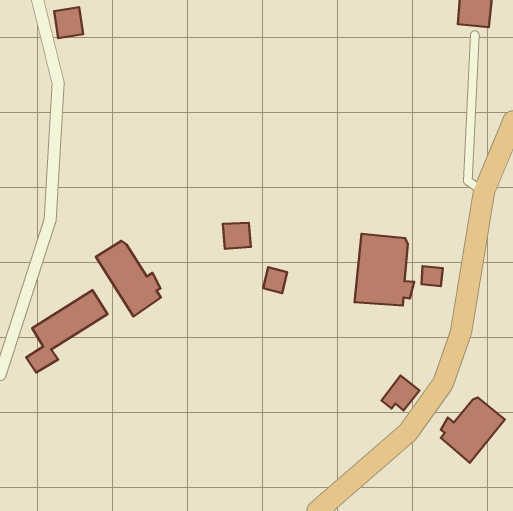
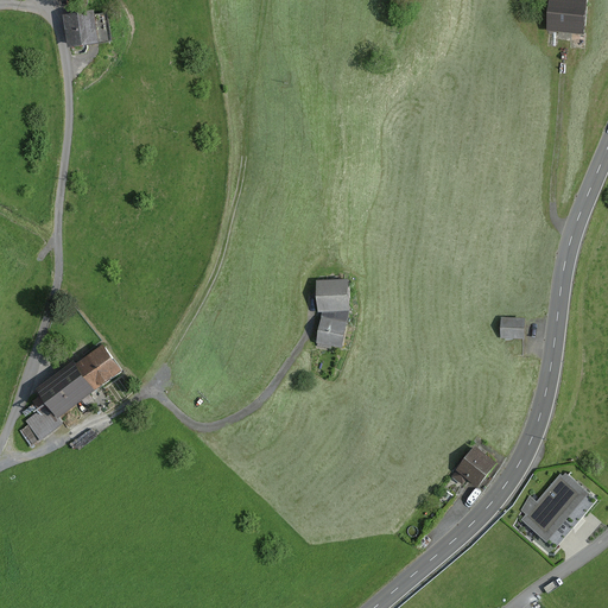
building: [223,223,251,249] -> [310,280,343,311]
building: [355,234,414,306] -> none
building: [96,241,161,316] -> none

